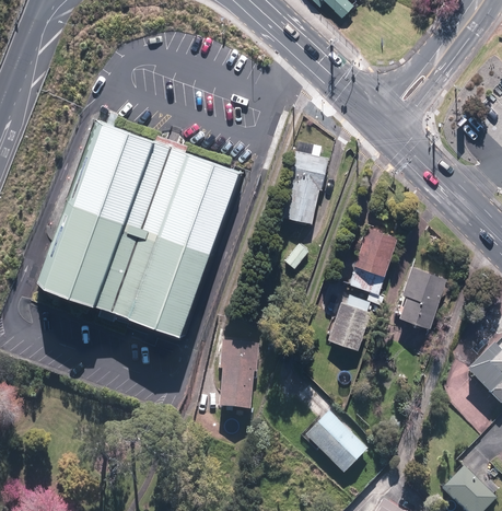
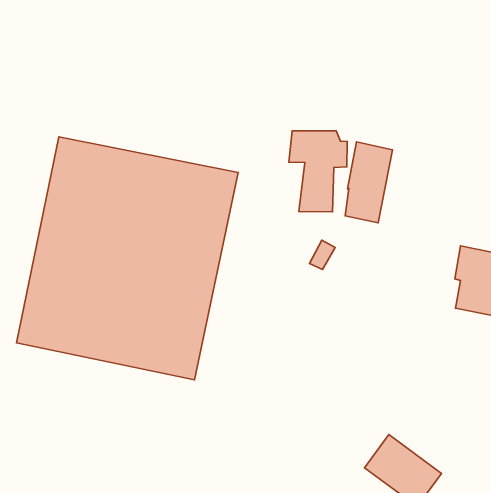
building: [349,223,396,292] -> [345,142,393,223]
building: [328,292,372,348] -> none
building: [220,338,259,408] -> none

